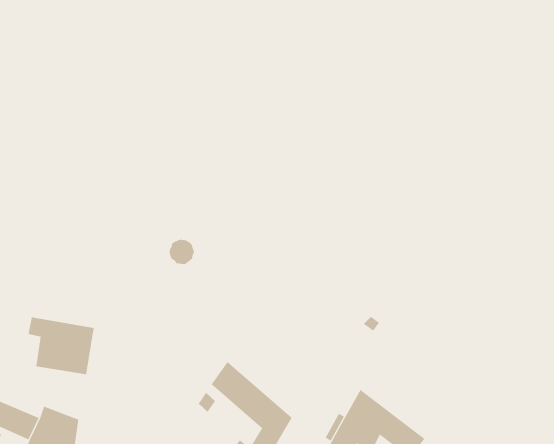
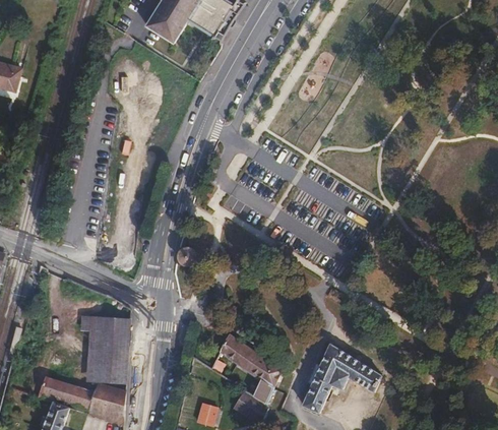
building: none -> [85,353,126,382]

